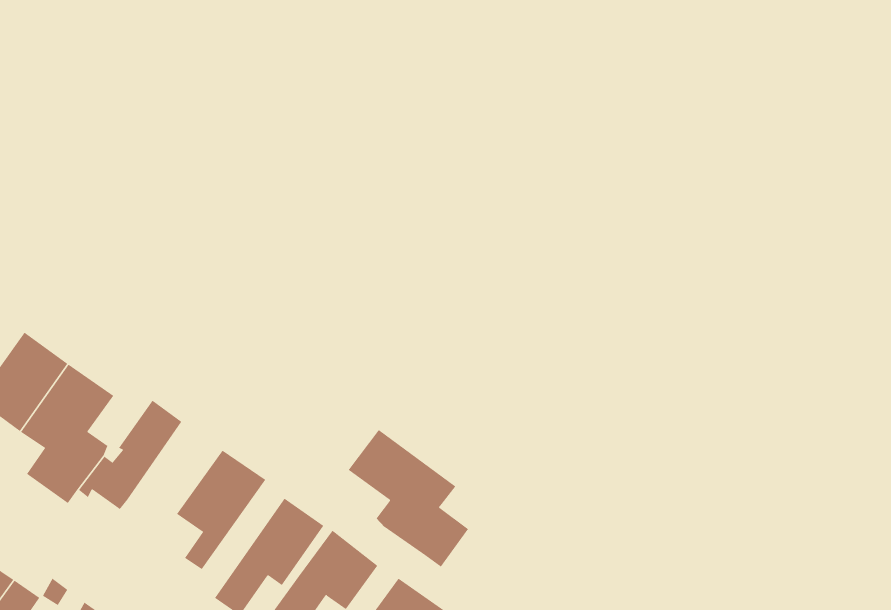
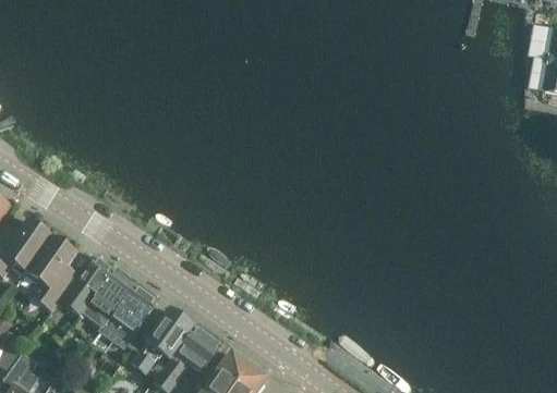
building: none -> [84,268,135,324]
building: [348,429,469,567] -> none

